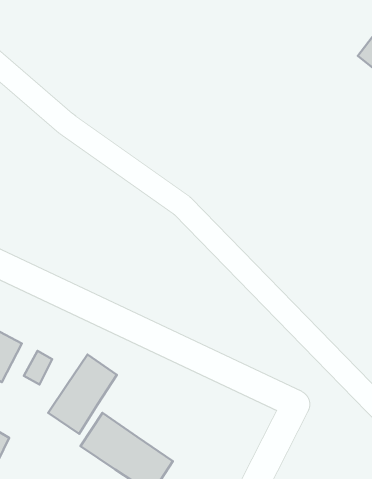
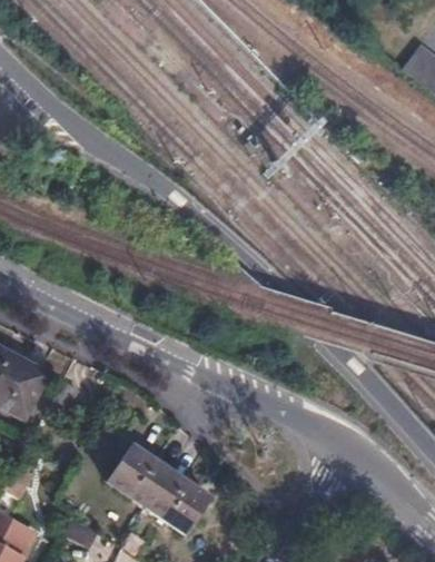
building: [48,355,117,434] -> none

